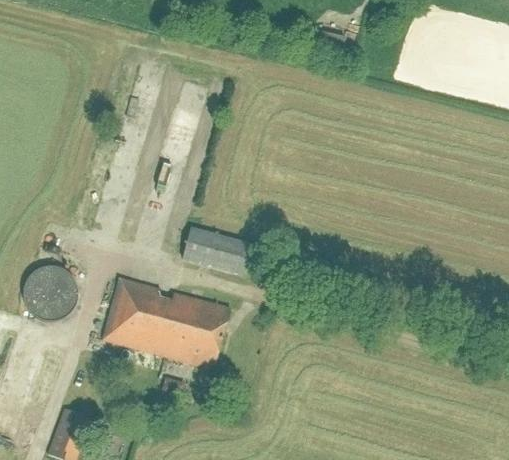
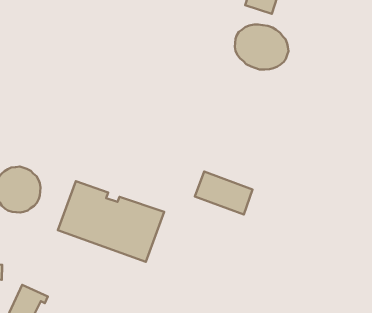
building: none -> [235,24,288,69]
building: [181,227,250,275] -> [195,172,253,215]

